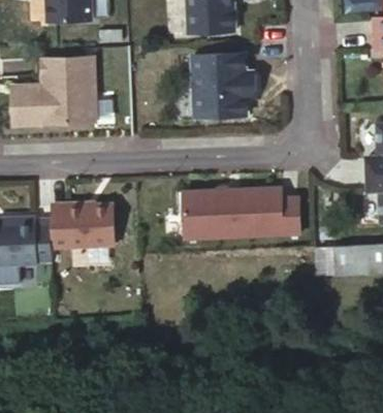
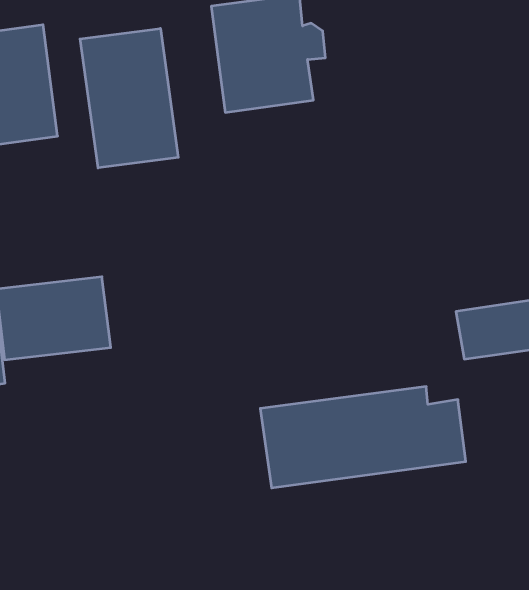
building: none -> [80,28,178,168]
building: [184,189,299,239] -> [260,387,466,488]

